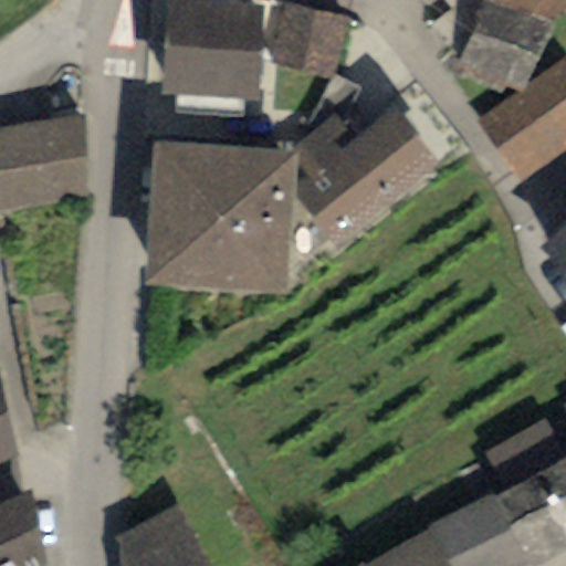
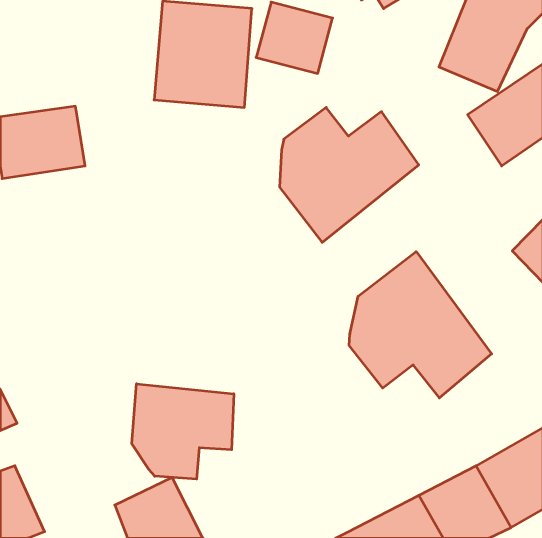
building: [144,145,294,310] -> none
building: none -> [349,252,492,398]
building: none -> [132,384,234,479]

